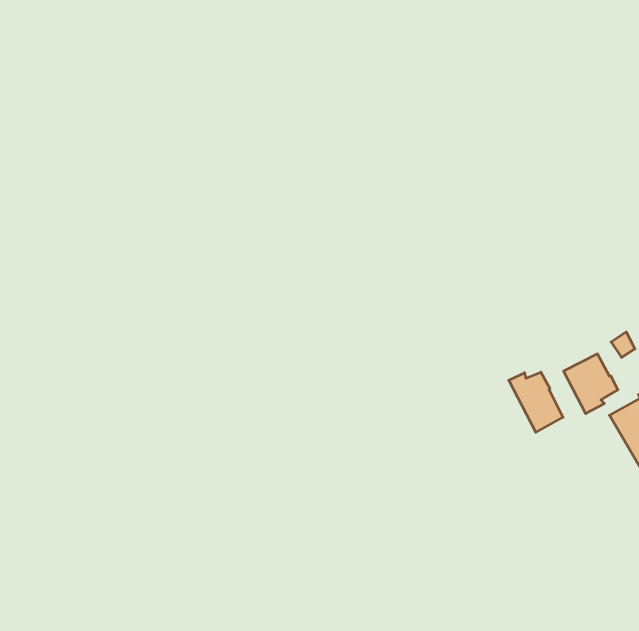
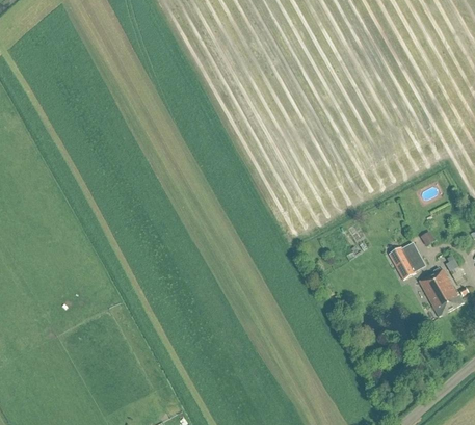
building: [509,372,563,432] -> none

